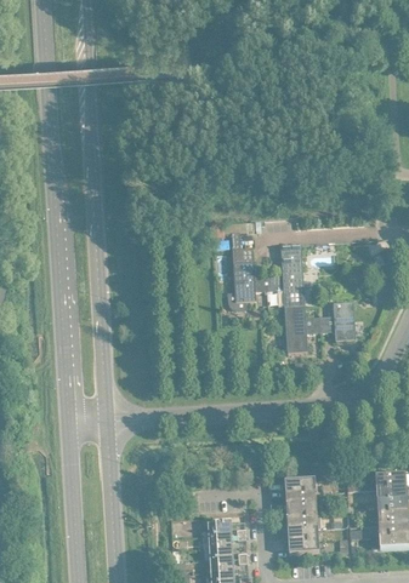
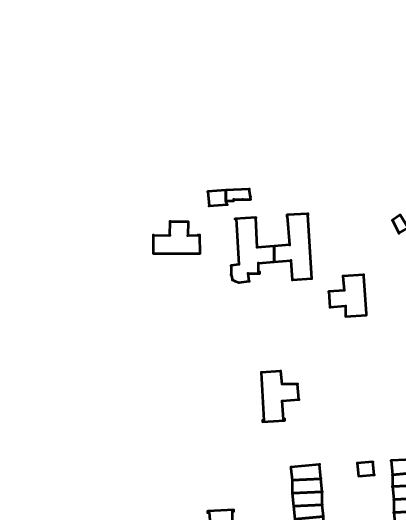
building: none -> [153,221,200,254]
building: [285,304,320,351] -> [261,371,299,422]

